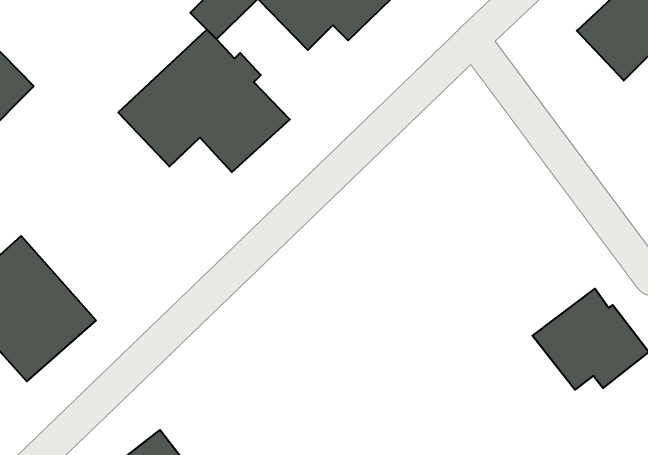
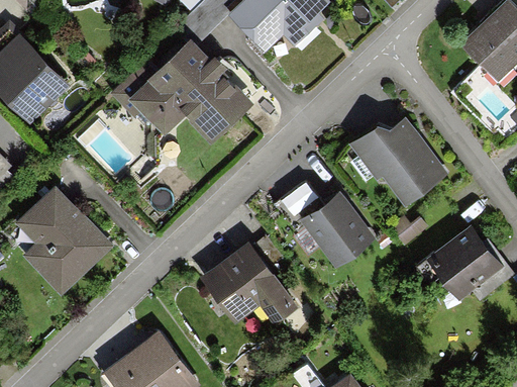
building: none -> [349,118,448,206]
building: none -> [278,183,377,267]
building: none -> [202,234,297,323]

